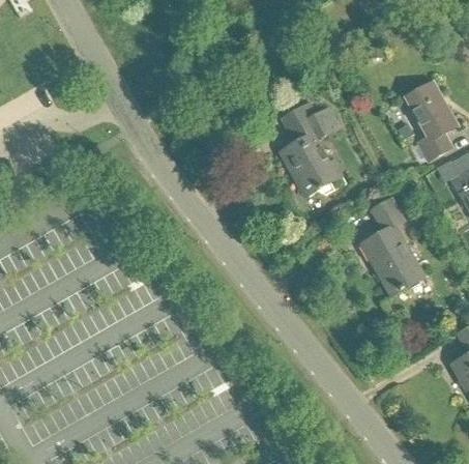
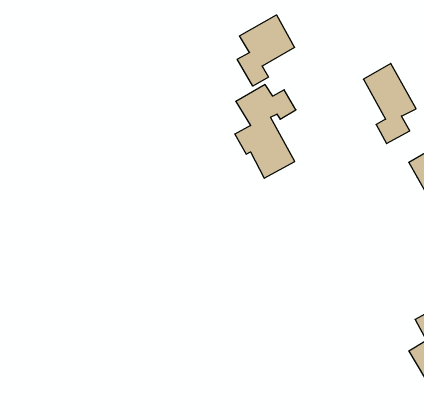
building: none -> [237,15,295,86]
building: [359,197,426,296] -> none

